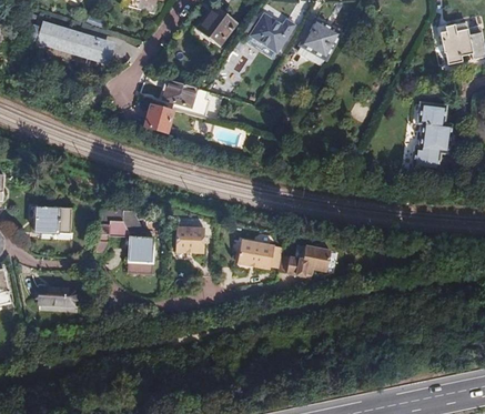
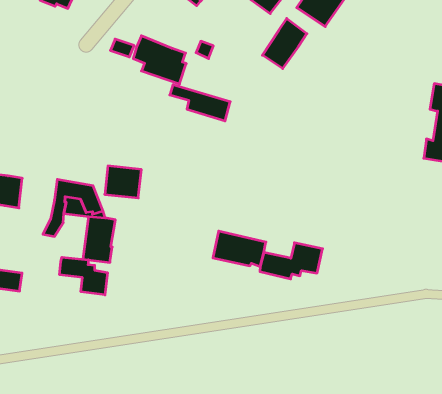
building: none -> [262,18,307,69]
building: [141,102,170,132] -> none
building: [178,229,208,254] -> [105,166,141,198]
building: none -> [60,257,107,295]

